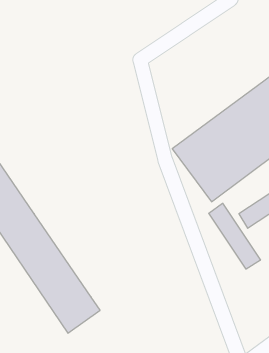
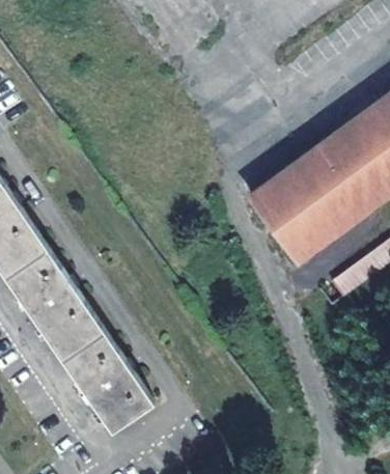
building: [209,203,260,269] -> none

